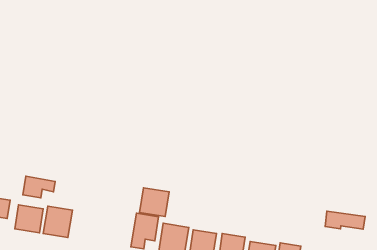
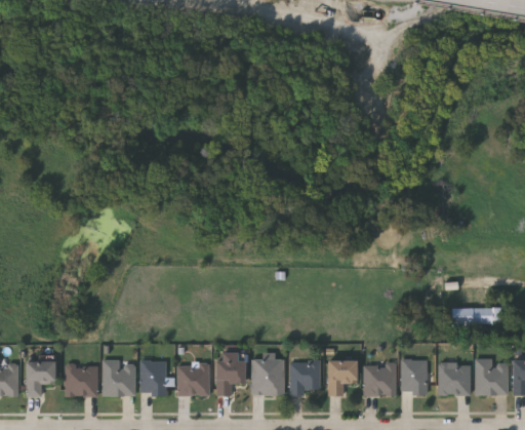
building: [23,176,55,198] -> none
building: [140,188,169,217] -> [175,362,208,394]
building: none -> [138,360,164,394]

